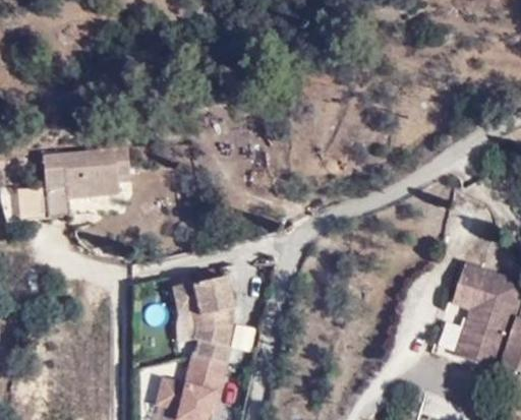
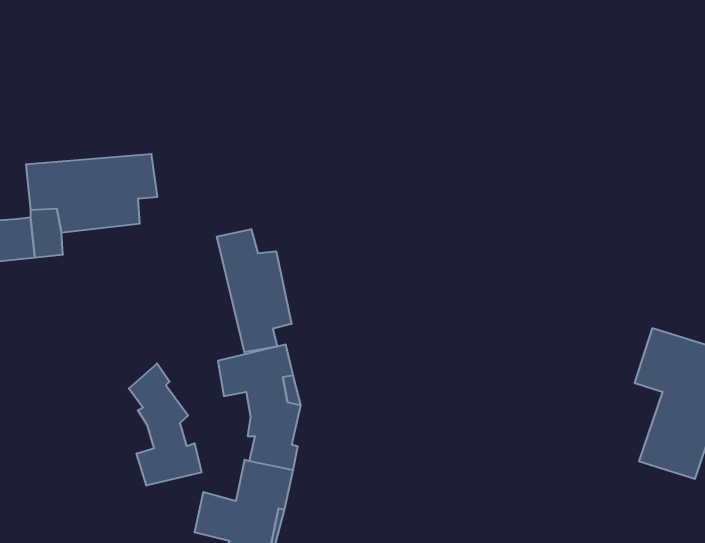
building: none -> [217,229,292,352]
building: none -> [129,363,202,486]

